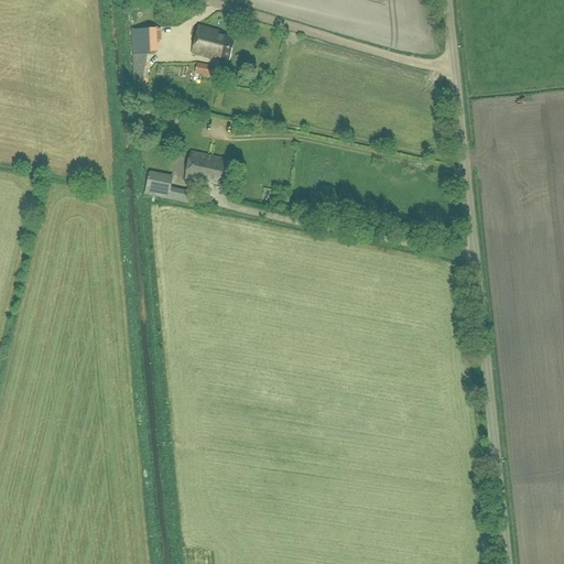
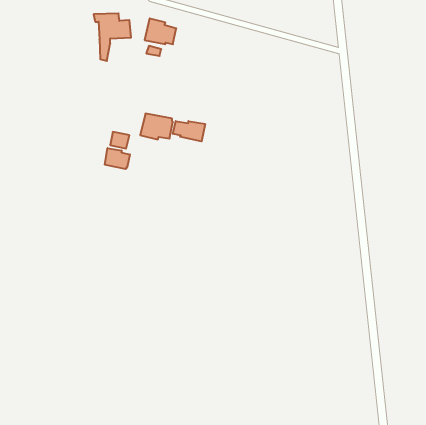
building: none -> [173,121,205,141]
building: none -> [105,148,130,169]

